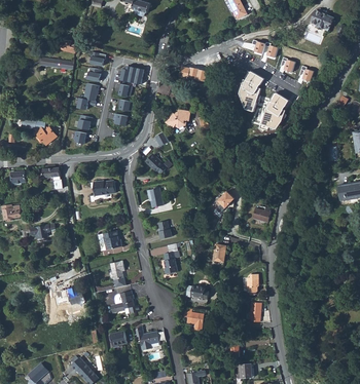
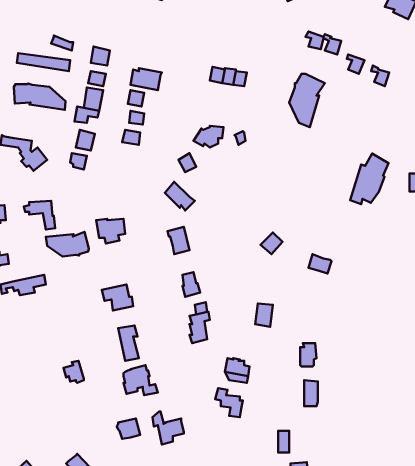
building: none -> [14,83,65,110]
building: [259,92,288,130] -> [350,154,389,204]
building: none -> [46,232,89,257]

